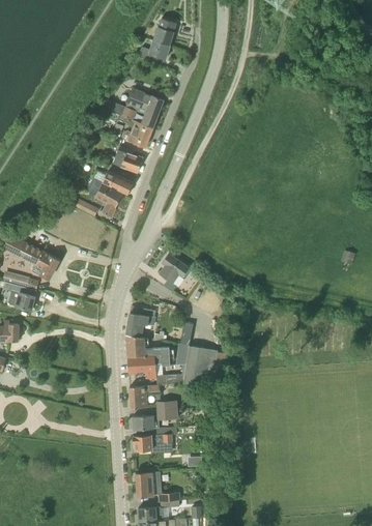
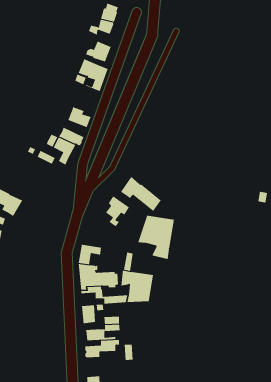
building: [120,121,152,147] -> [85,41,112,62]
building: none -> [120,176,161,212]
building: none -> [138,215,174,260]

